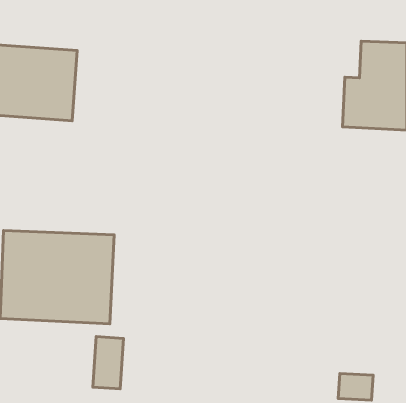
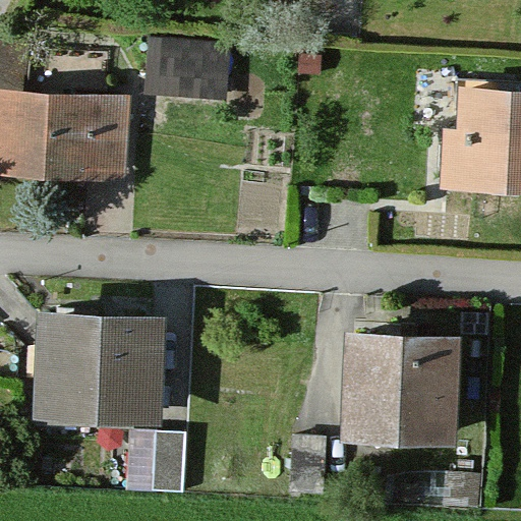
building: none -> [140,49,225,102]
building: none -> [340,331,462,447]

